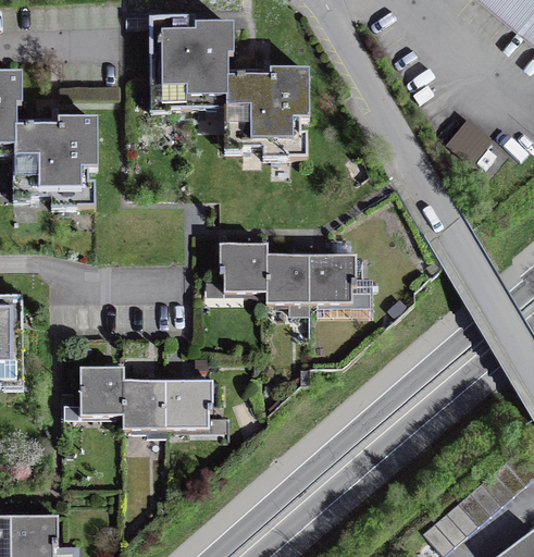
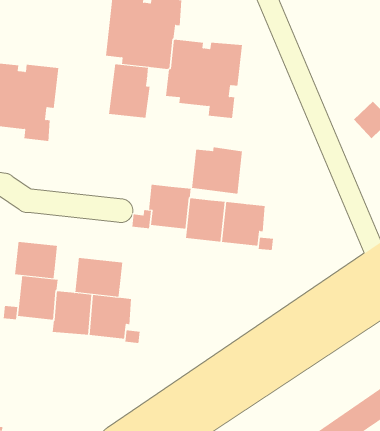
building: none -> [108,64,150,118]
building: none -> [192,147,243,195]
building: none -> [15,241,58,279]
building: none -> [75,257,123,297]

